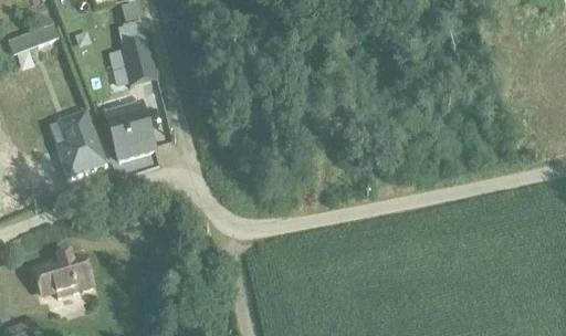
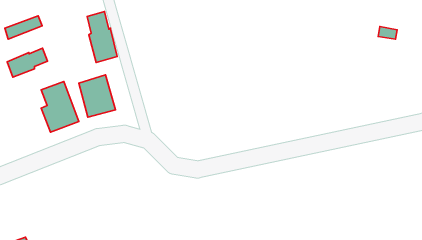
building: none -> [7,48,47,77]
building: [33,251,95,297] -> none

